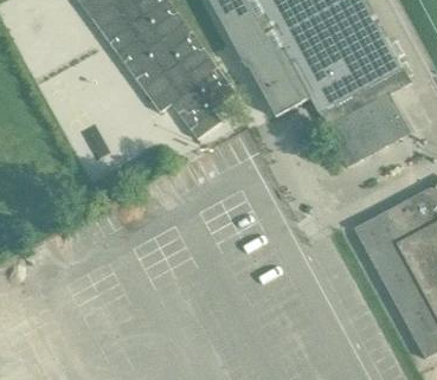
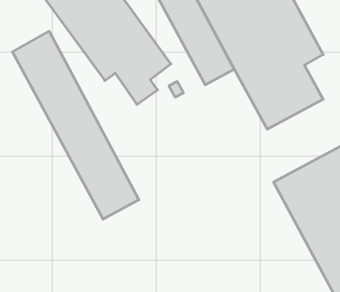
building: none -> [13,31,139,219]

